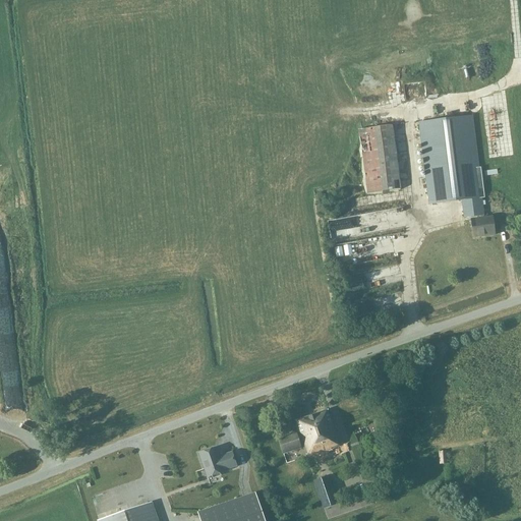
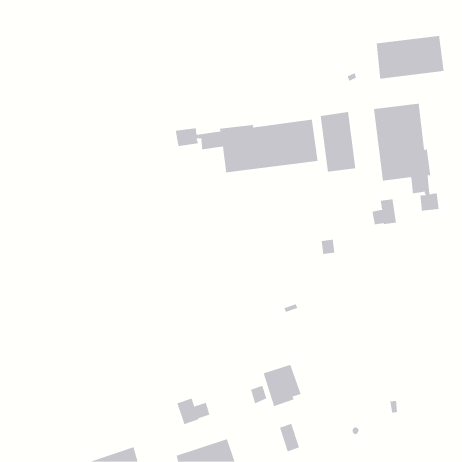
building: none -> [376,35,444,80]
building: none -> [175,119,318,173]
building: none -> [372,198,396,225]

